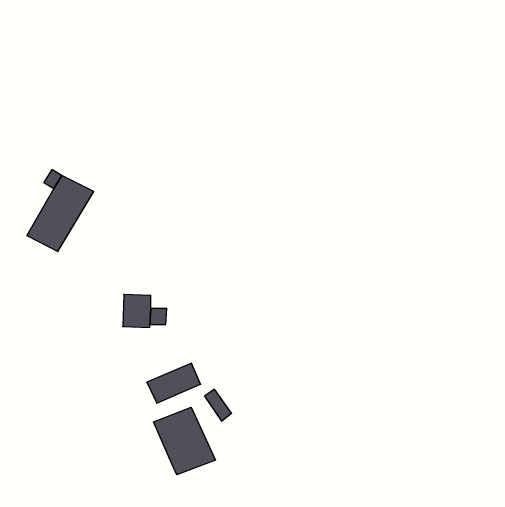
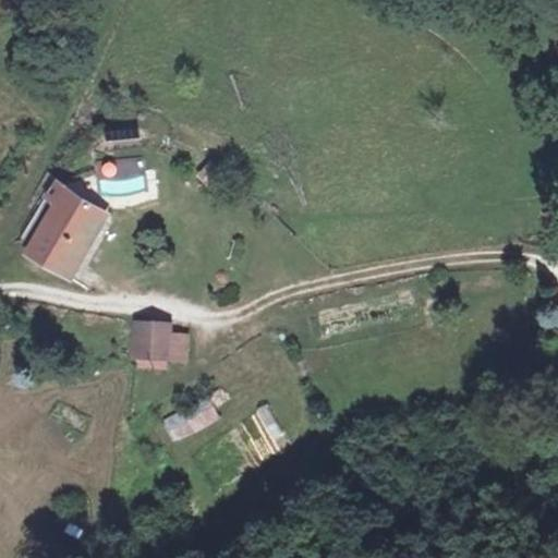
building: [154,407,215,475] -> none

